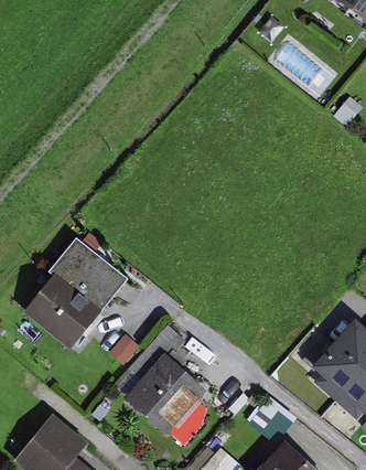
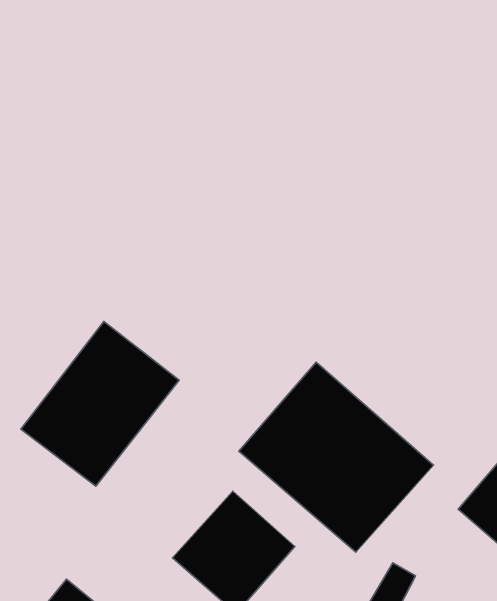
building: none -> [239,362,433,552]

